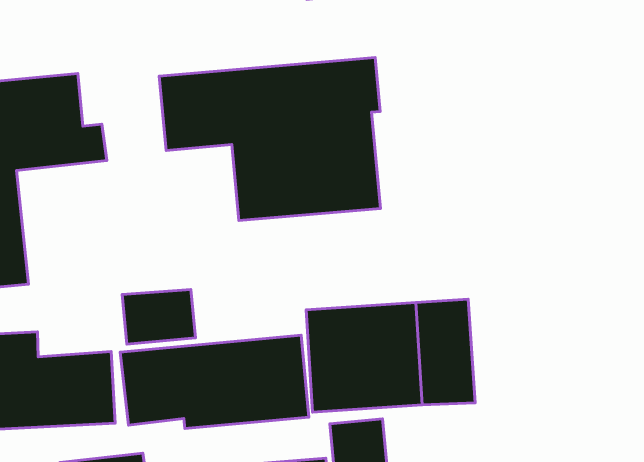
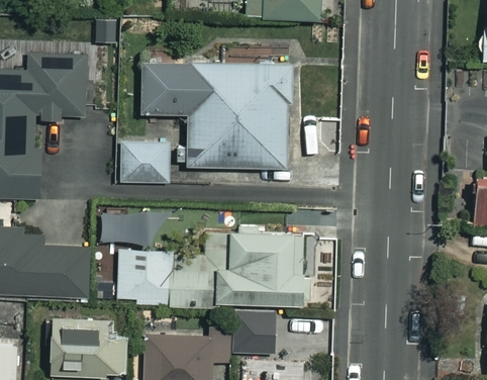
building: none -> [121,144,169,183]

